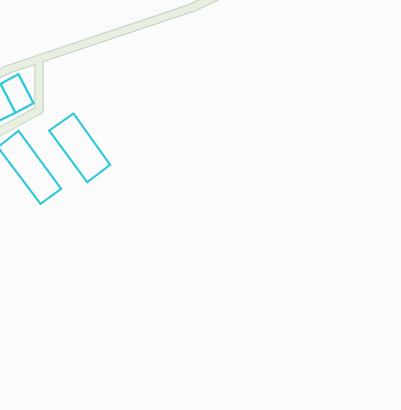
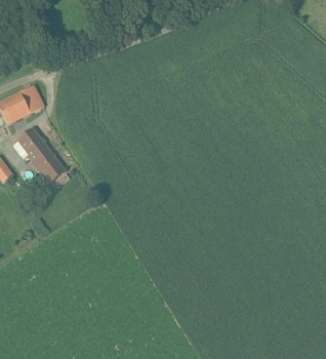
building: [49,114,110,182] -> none

